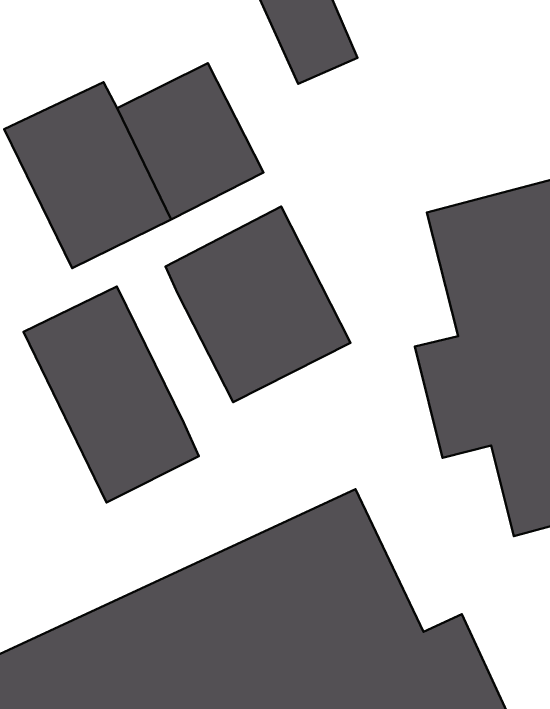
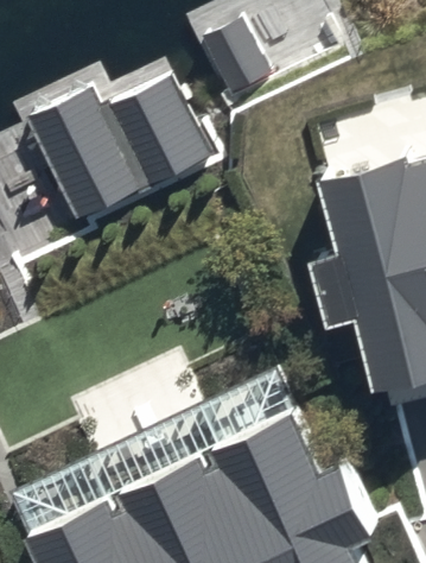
building: [165,207,350,402] -> none
building: [23,287,199,503] -> none

